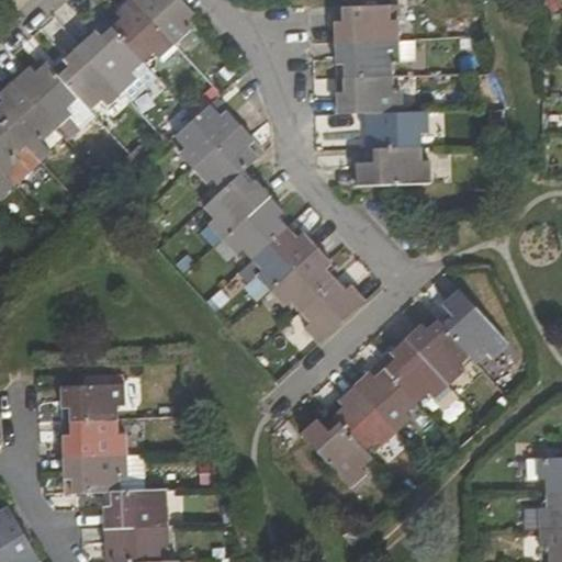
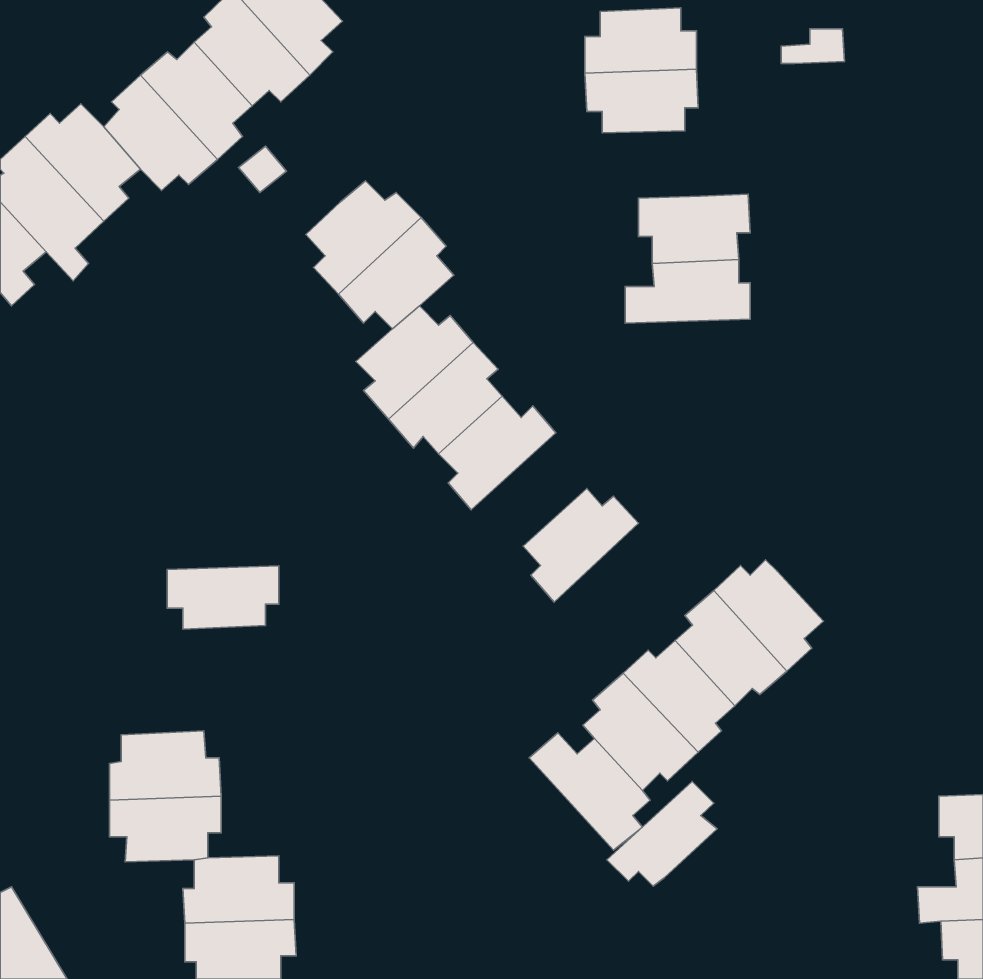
building: [336,75,400,114] -> none
building: [269,247,335,312] -> none
building: [443,290,506,361] -> none
building: [60,383,124,419] -> [167,566,279,629]
building: none -> [607,781,717,886]

